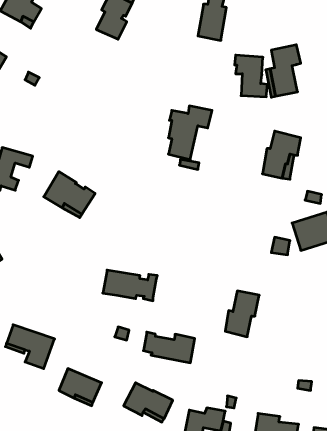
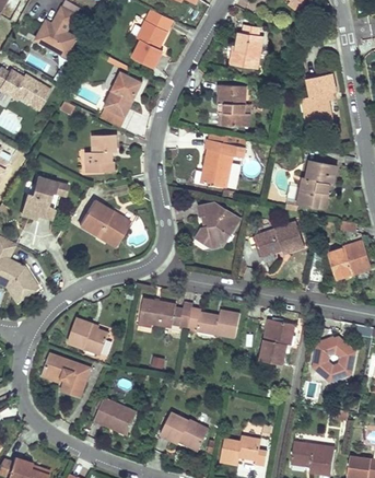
building: none -> [104,71,142,117]
building: [235,55,267,97] -> [216,84,249,126]
building: none -> [85,135,116,172]
building: none -> [195,202,239,248]
building: none -> [255,221,304,256]
building: none -> [67,317,108,354]
building: none -> [313,338,354,381]
building: [143,332,195,363] -> [188,307,239,338]

